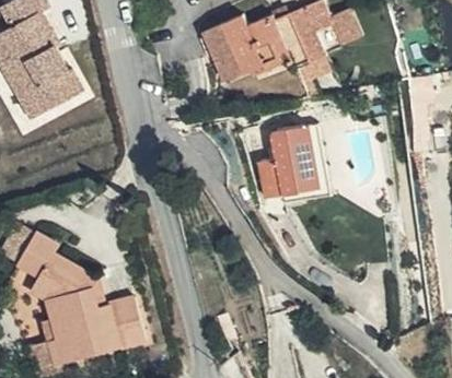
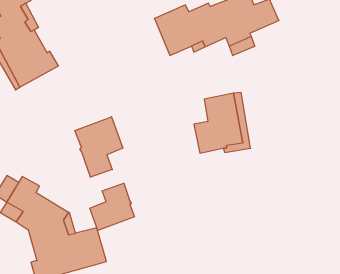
building: none -> [75,117,123,177]
building: none -> [90,183,135,231]

